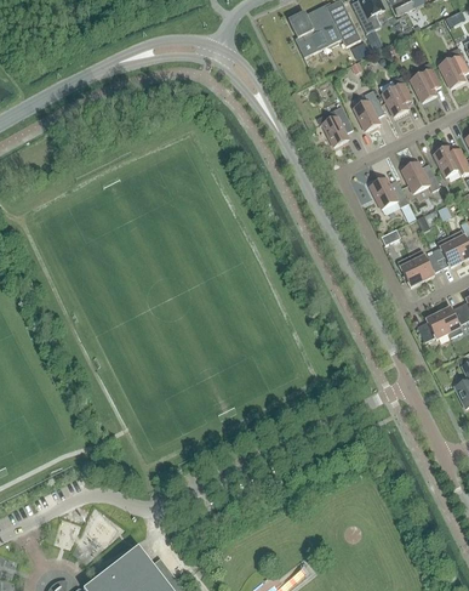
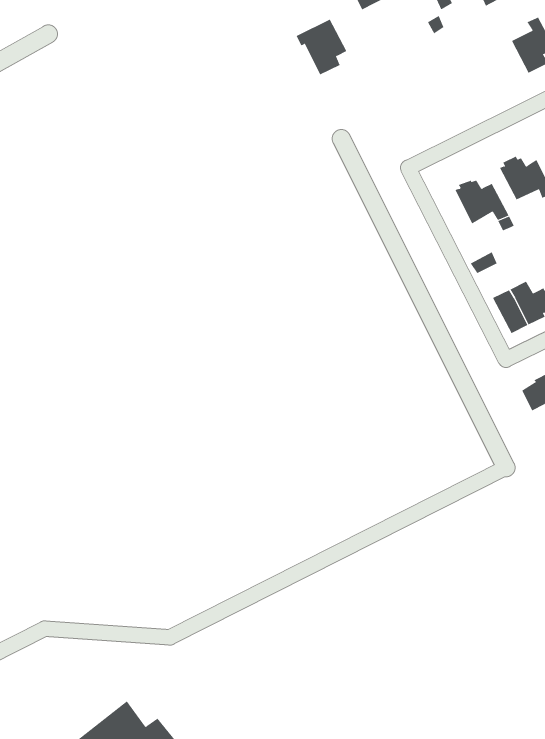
building: [381,75,411,115] -> none
building: [353,90,383,130] -> none
building: [315,106,351,146] -> [296,19,347,75]

